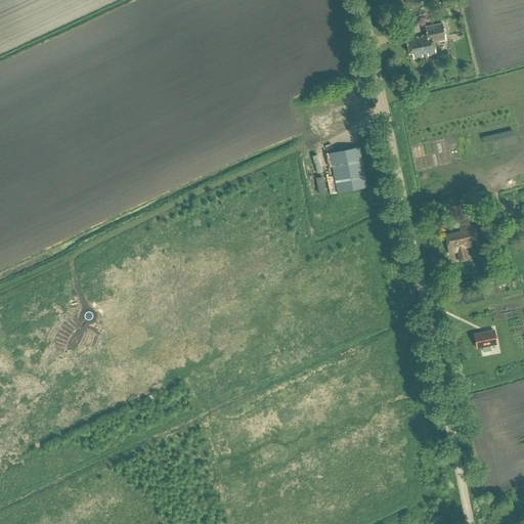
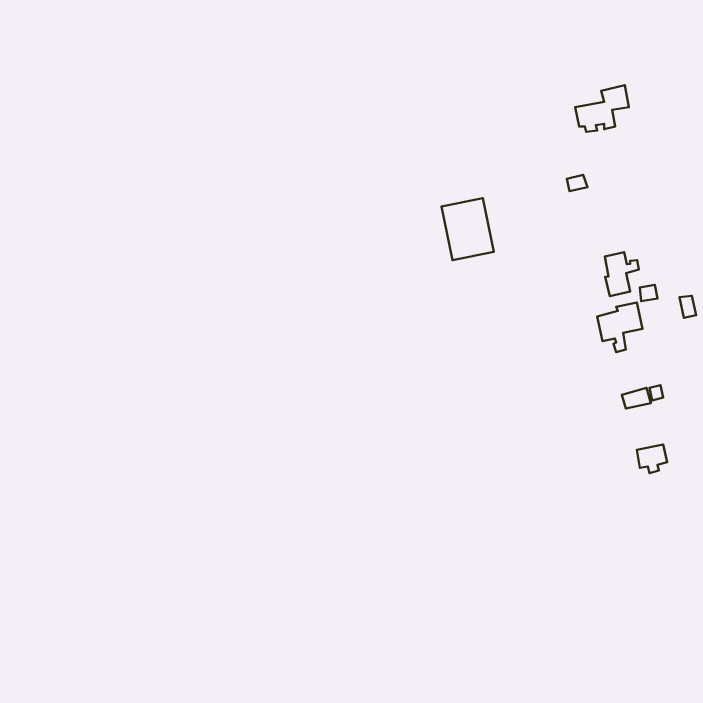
building: [405,24,445,58] -> [575,85,629,132]
building: none -> [605,252,639,296]

